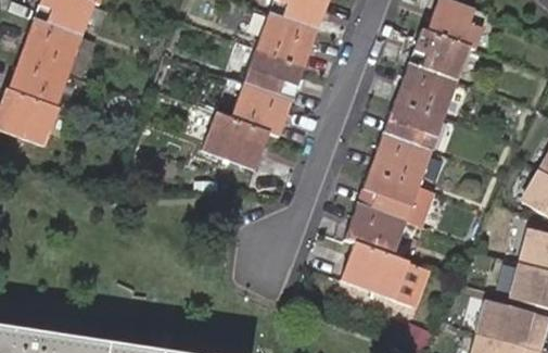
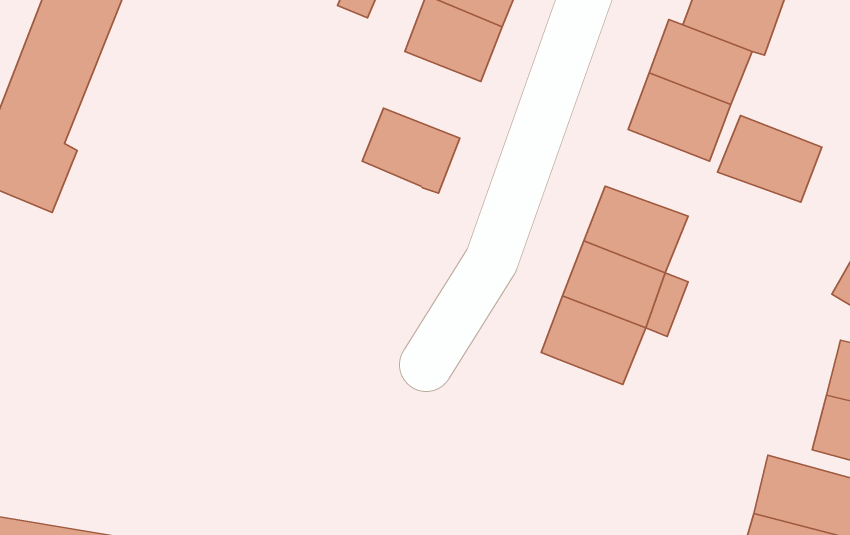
building: [247,46,307,99] -> none
building: [383,93,447,147] -> [717,115,822,202]
building: [202,105,270,165] -> none
building: [341,235,431,301] -> none

